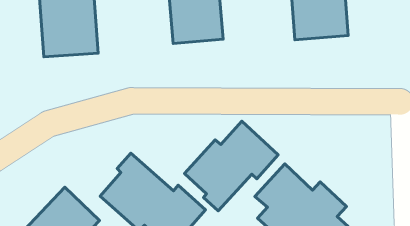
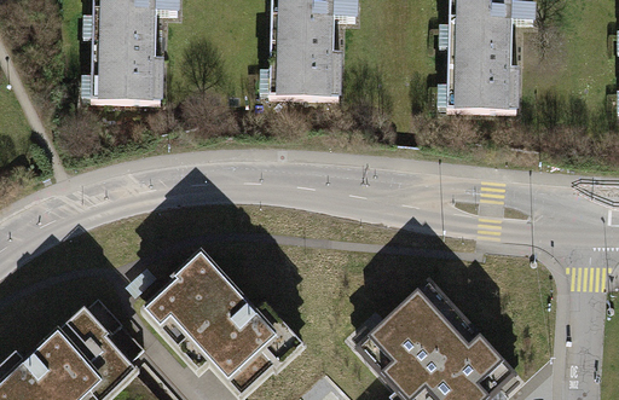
building: [184,121,278,211] -> none

